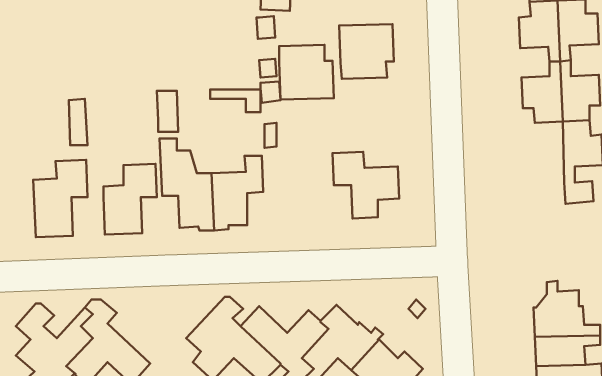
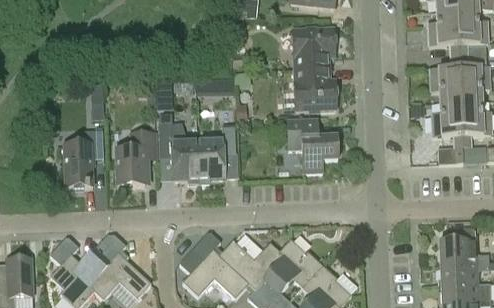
building: [279,45,334,99] -> [295,69,336,110]
building: none -> [432,102,463,165]

